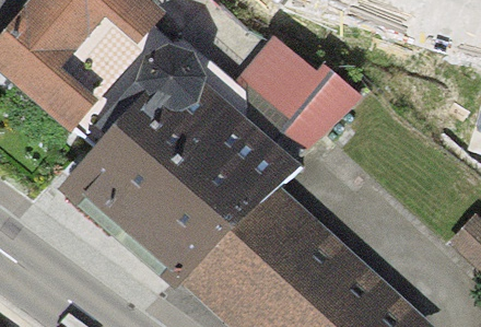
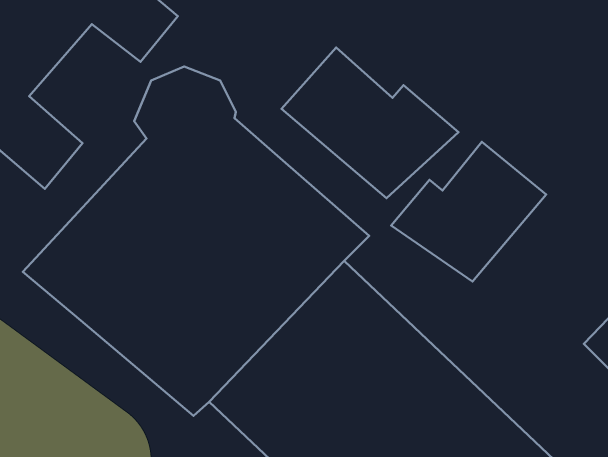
building: none -> [391,142,546,281]

